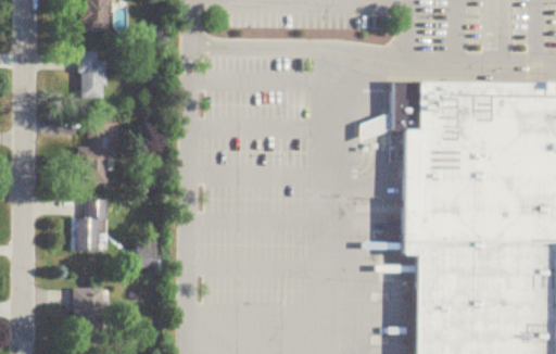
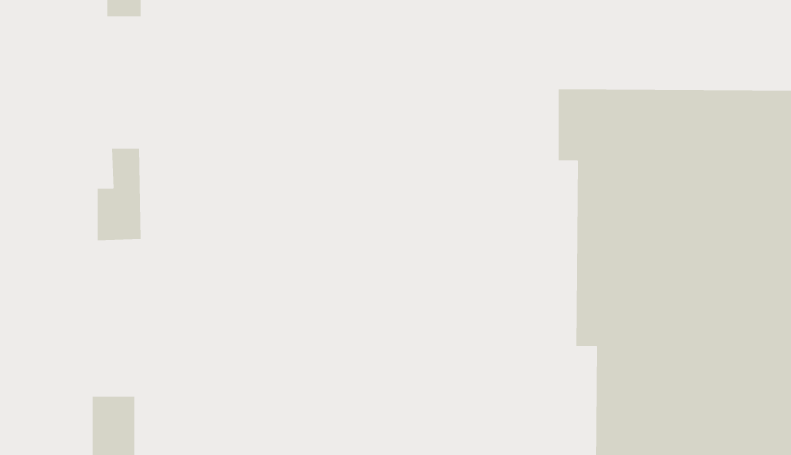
building: [78,52,105,100] -> none
building: [75,201,109,252] -> none

